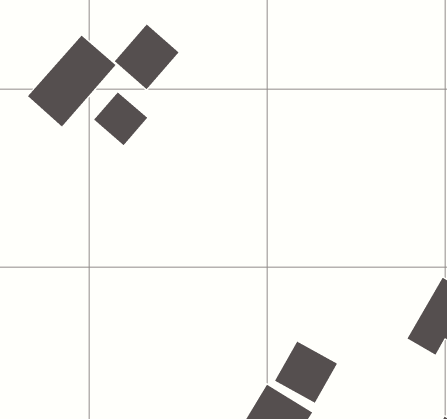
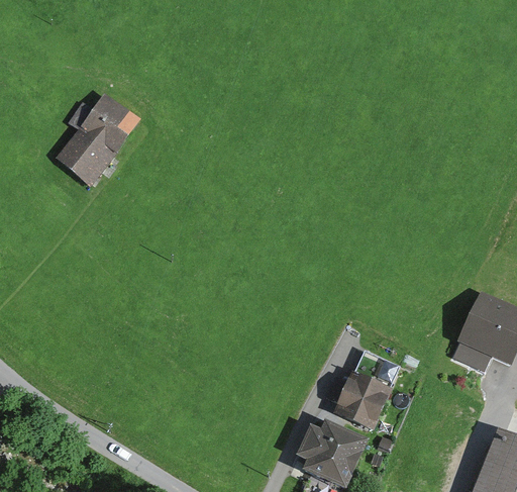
building: [114,23,179,90] -> none
building: [93,92,148,146] -> none

